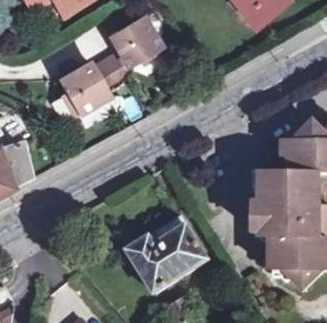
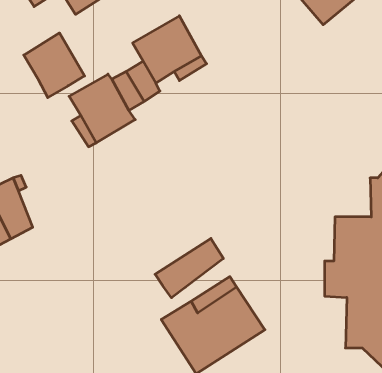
building: none -> [24,33,85,98]
building: none -> [155,238,223,298]

